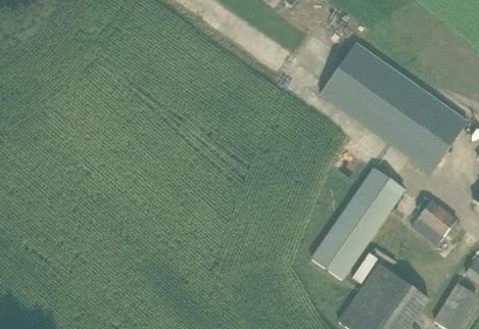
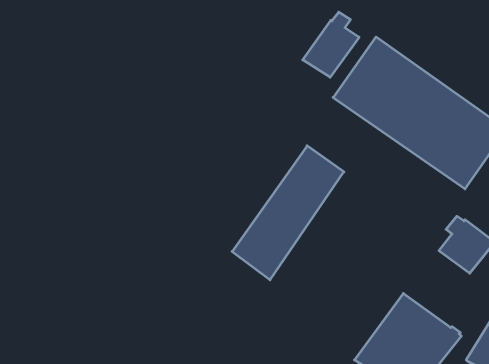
building: none -> [303,12,359,77]
building: [310,166,406,281] -> [232,146,344,280]

